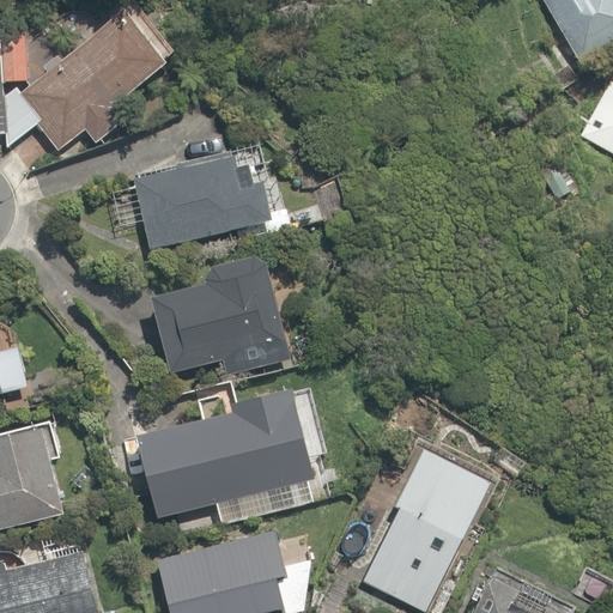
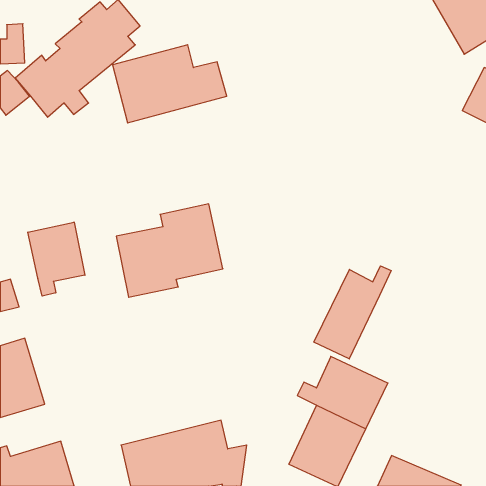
building: [131,156,274,254] -> [112,45,227,123]
building: none -> [28,222,85,296]
building: none -> [314,266,391,359]
building: [135,388,324,523] -> none

